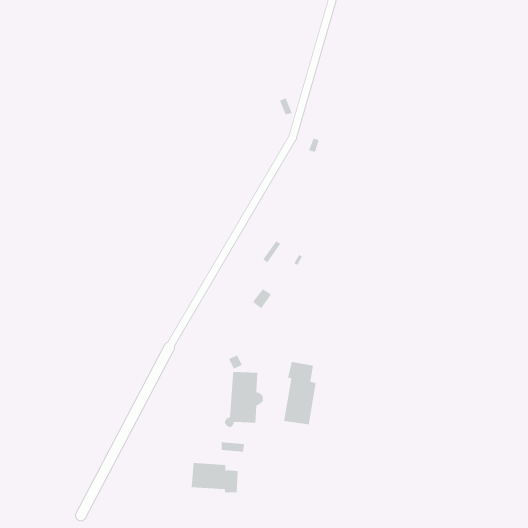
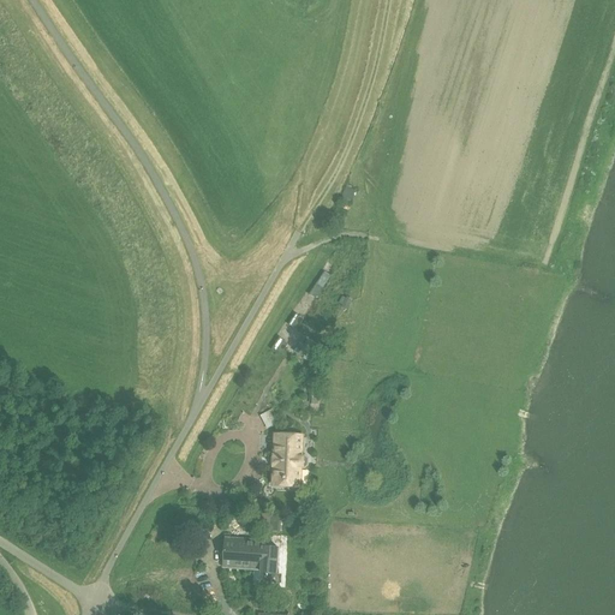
building: [284,361,316,425] -> none

